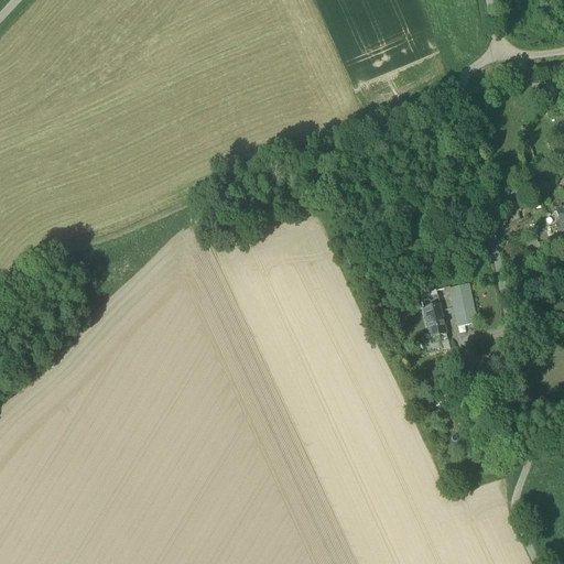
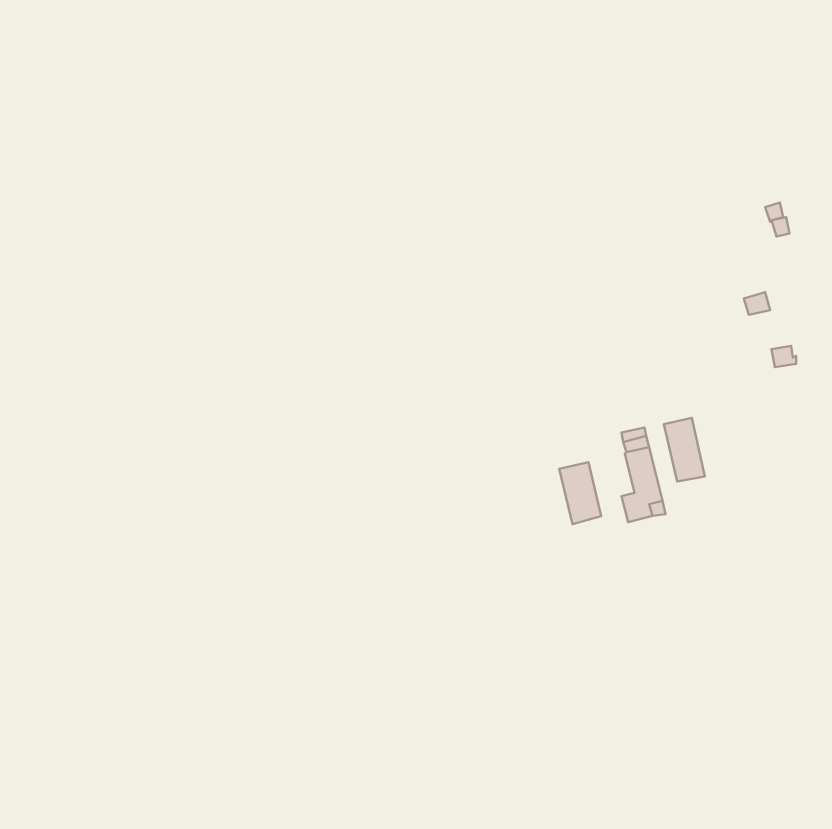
building: none -> [559,462,601,524]

